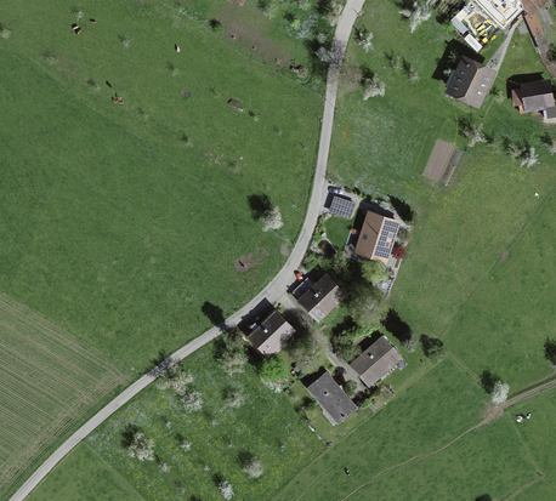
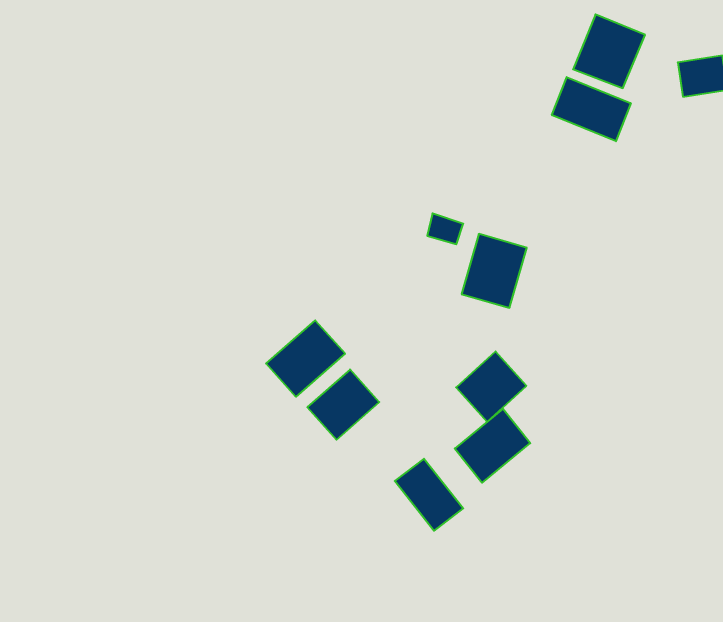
building: none -> [552,77,631,141]
building: [299,272,348,321] -> [456,351,526,422]
building: none -> [266,320,345,397]

